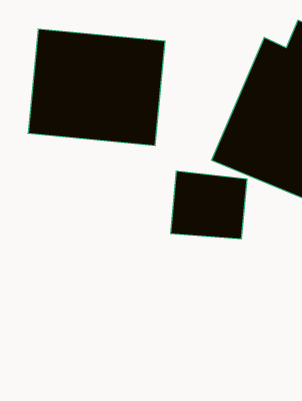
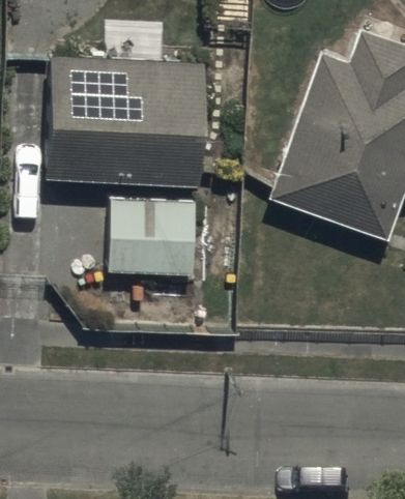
building: [171,171,247,239] -> [107,201,193,275]

